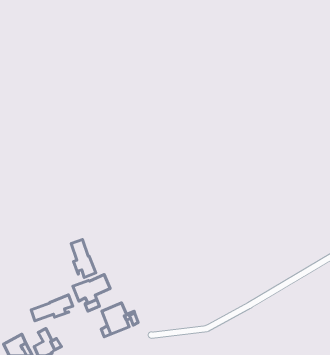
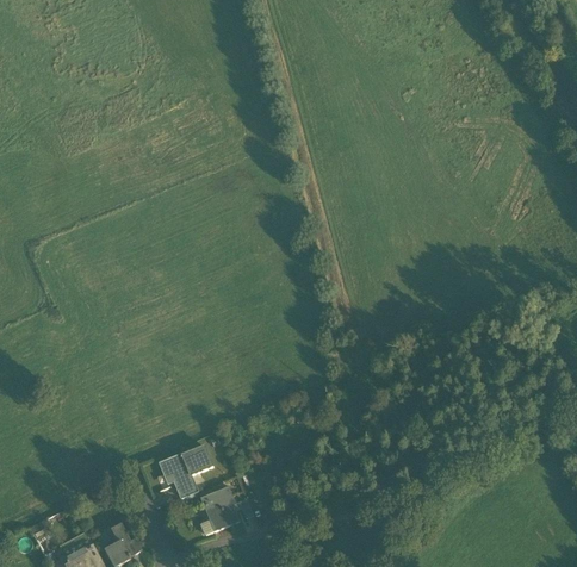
building: [71,239,96,278] -> none
building: [31,295,73,321] -> none

